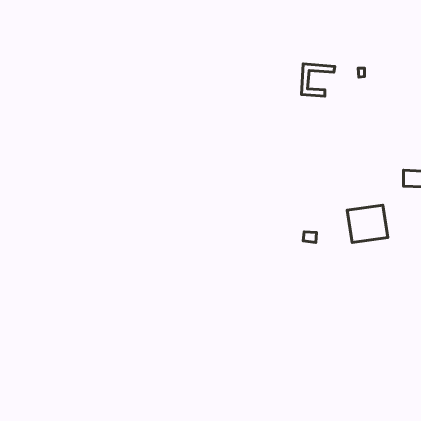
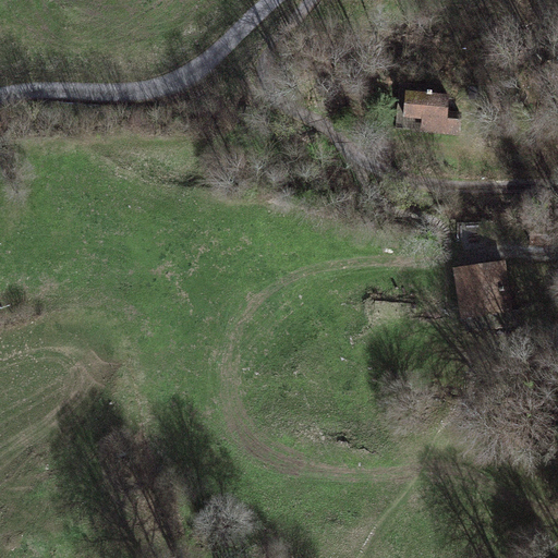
building: none -> [408,97,463,135]

